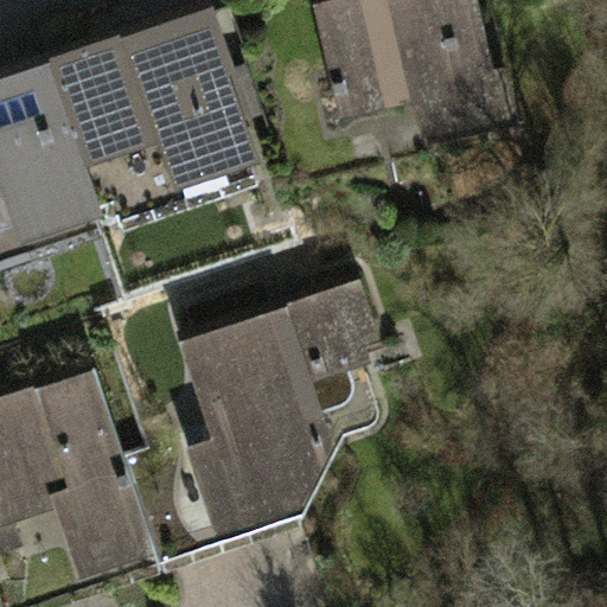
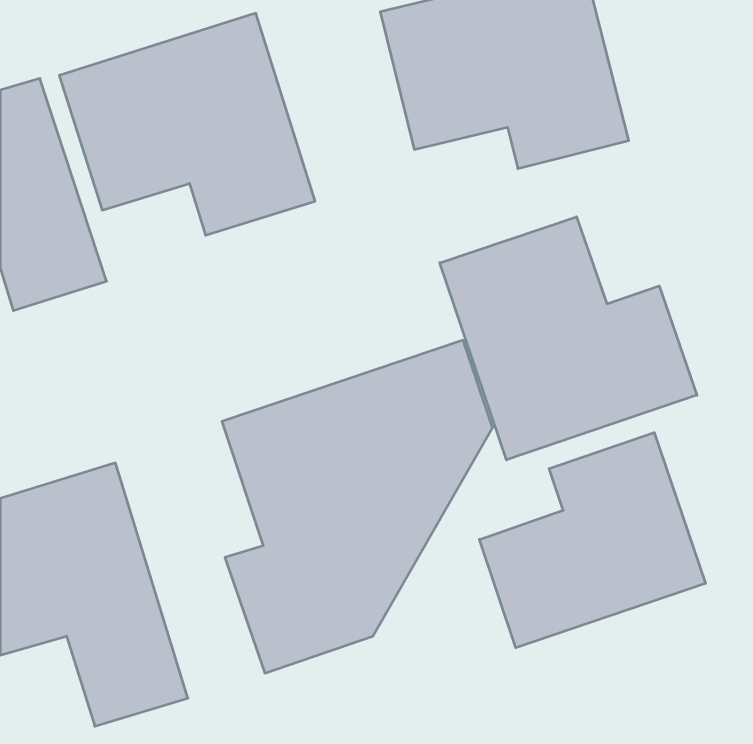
building: none -> [440,217,697,460]
building: none -> [479,433,706,648]

